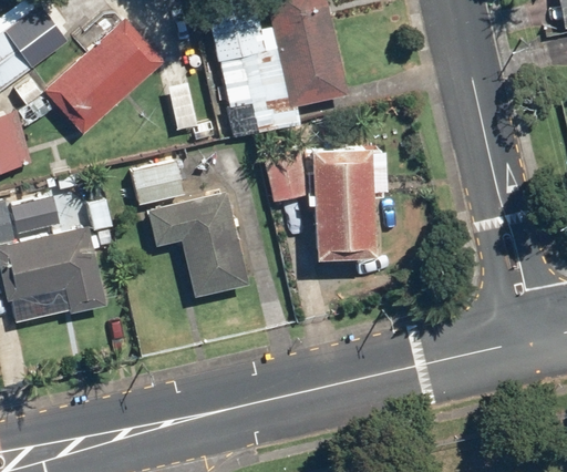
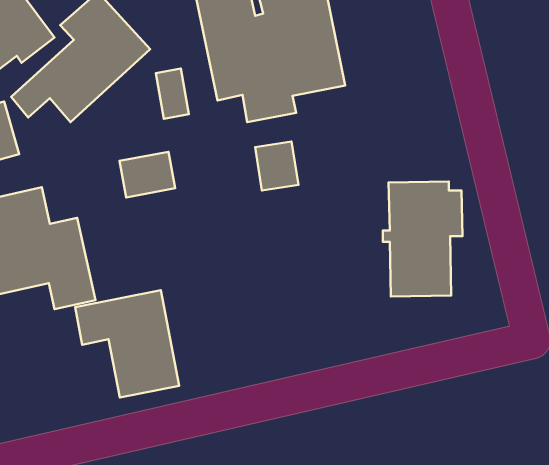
building: [306,146,383,258] -> [383,181,463,297]
building: [147,195,248,299] -> [75,290,179,397]

